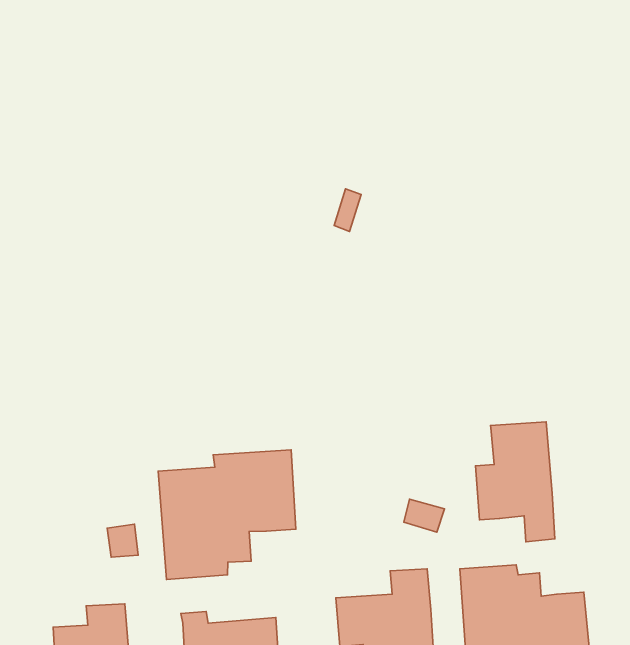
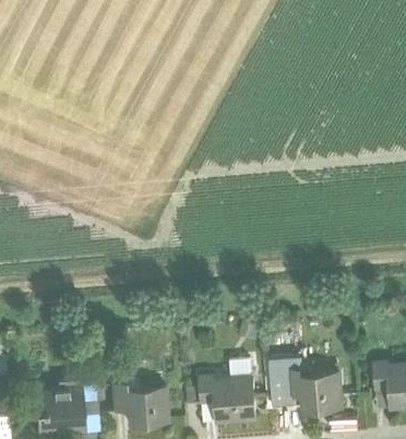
building: [476,422,555,542] -> none
building: [158,450,296,580] -> none

